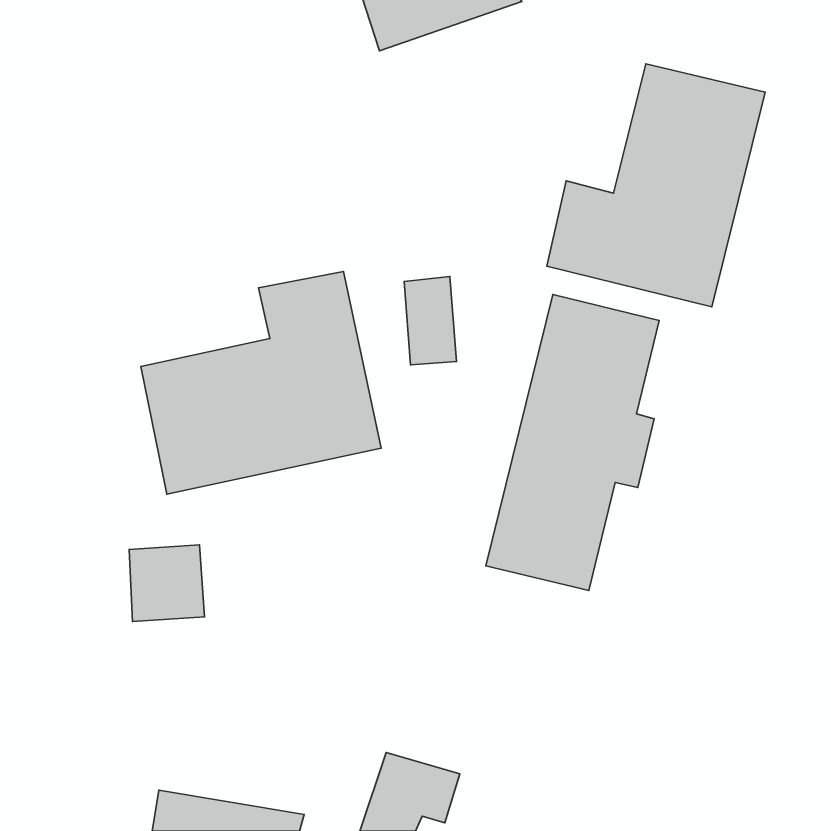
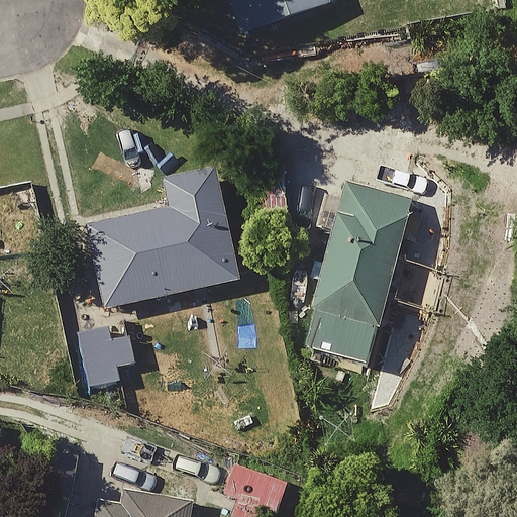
building: [547,64,765,307] -> none

